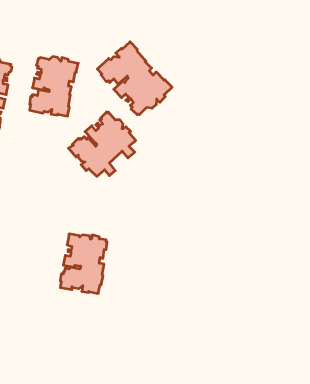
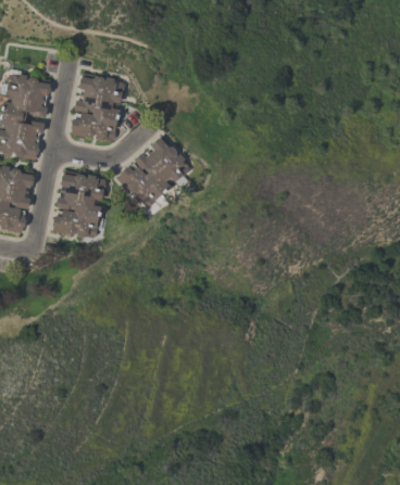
building: [97,42,172,115] -> none
building: [60,234,107,293] -> [53,173,105,239]

